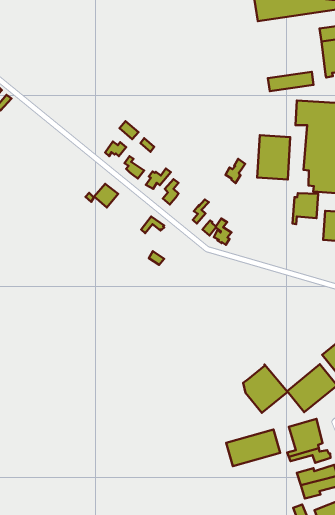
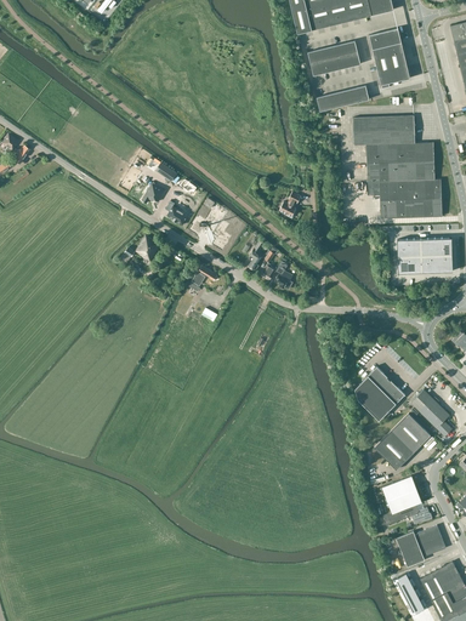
building: none -> [308,40,360,75]
building: [257,135,290,179] -> none
building: [292,193,318,224] -> none
building: [243,365,288,413] -> [354,365,405,420]
building: [226,429,280,466] -> none

